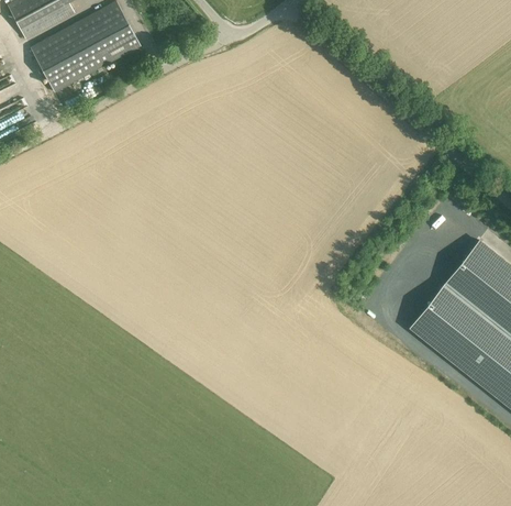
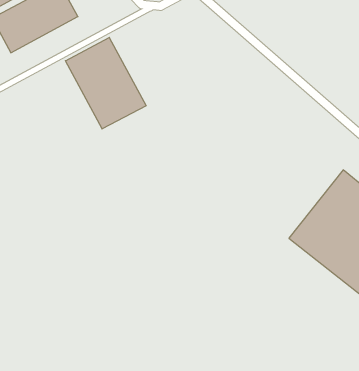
building: none -> [65,37,146,129]

